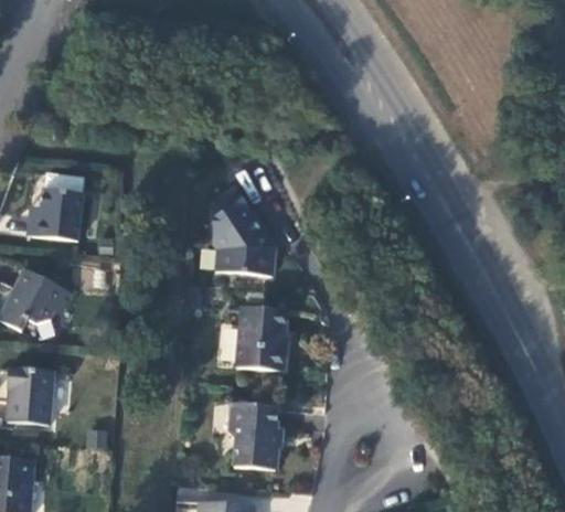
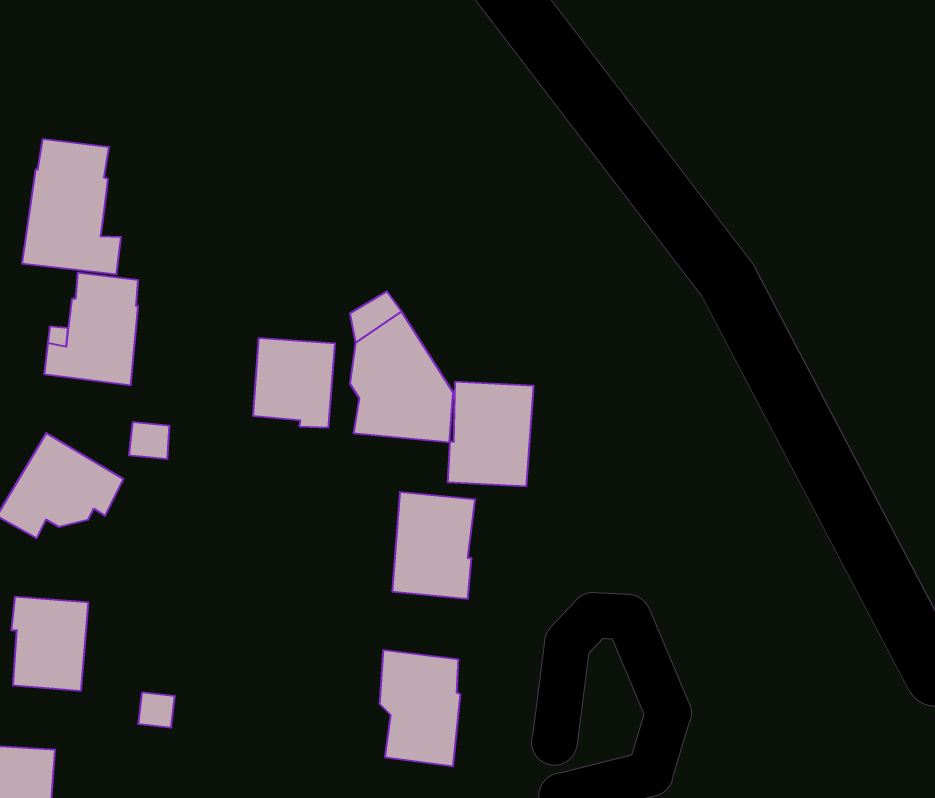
building: none -> [22,139,121,275]
building: none -> [253,338,335,428]
building: none -> [448,382,534,486]

